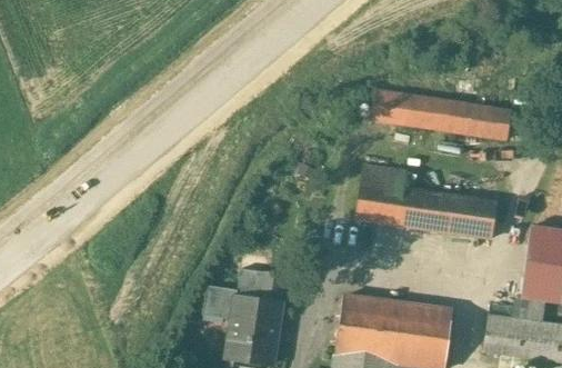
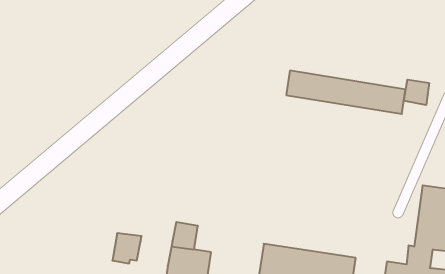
building: none -> [404,80,429,105]
building: [355,166,500,240] -> none
building: [203,287,238,322] -> [112,233,142,263]

